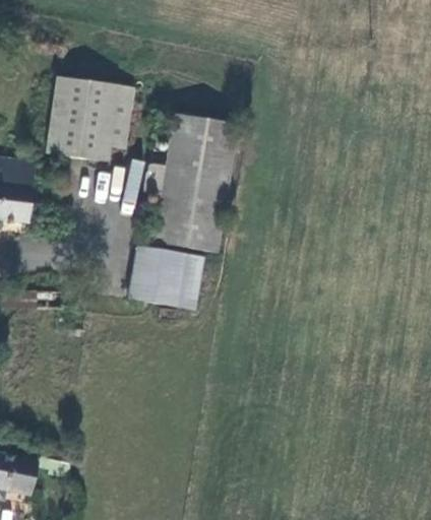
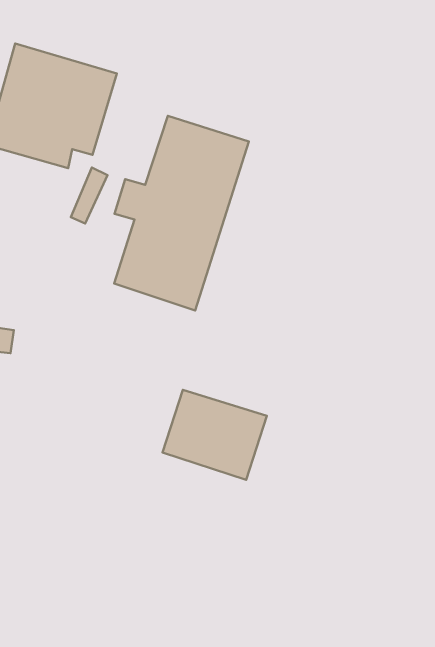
building: [130,248,202,307] -> [162,390,267,480]

